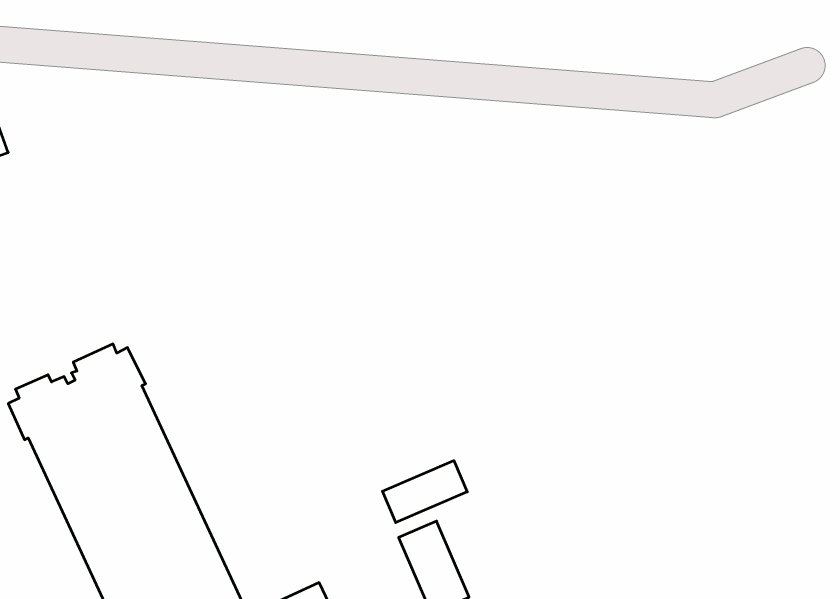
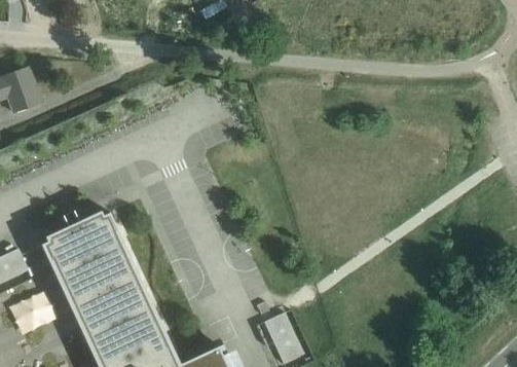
building: [382,461,467,523] -> none

